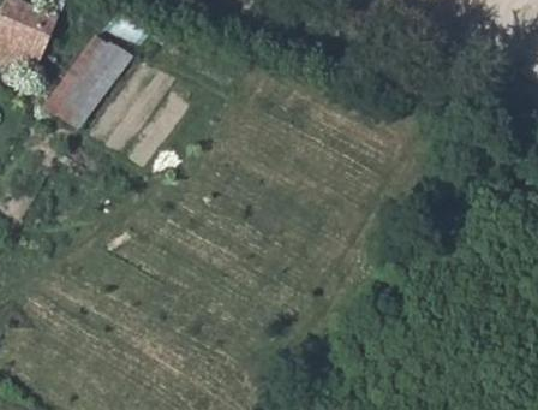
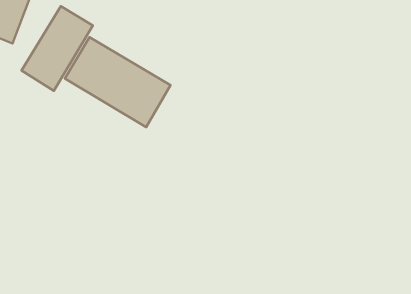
building: none -> [65,37,171,127]

